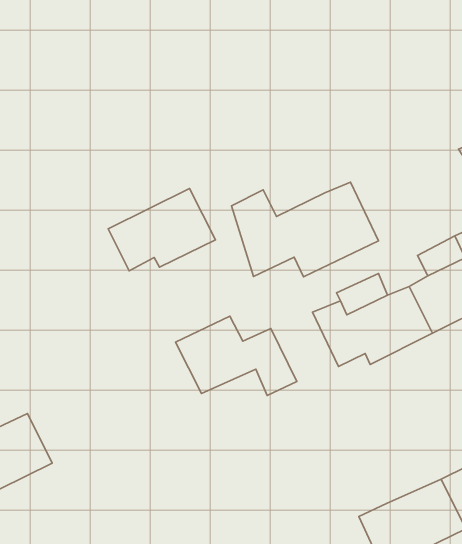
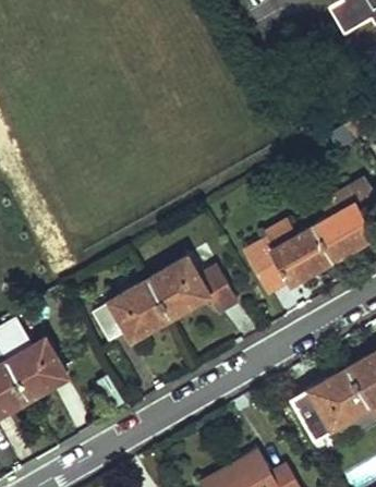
building: [232,182,378,277] -> none
building: [108,188,215,271] -> [93,282,171,345]

